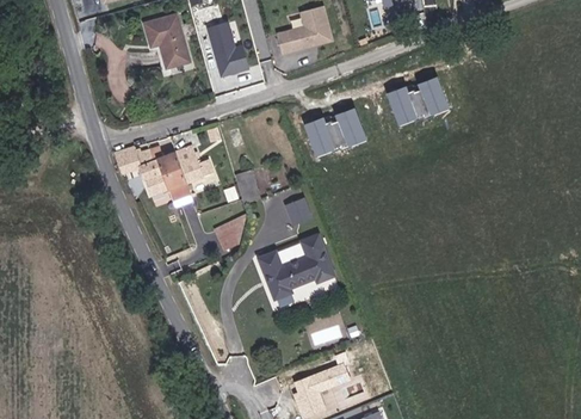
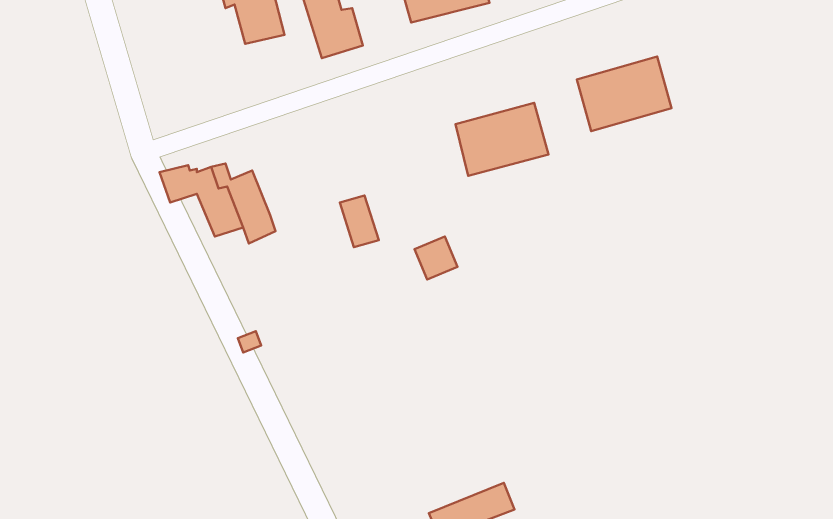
building: [174,147,212,183] -> none
building: [212,214,245,251] -> none
building: [256,233,341,301] -> none

